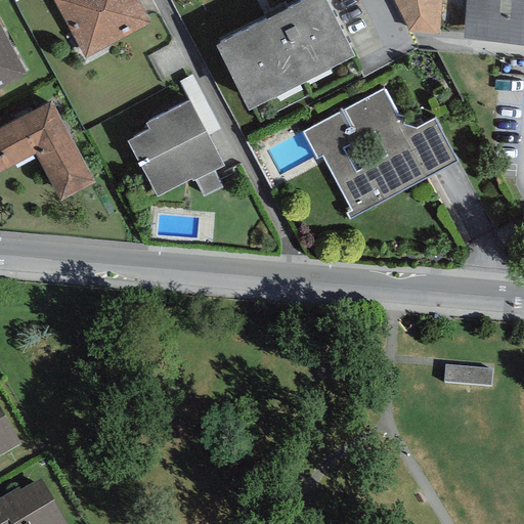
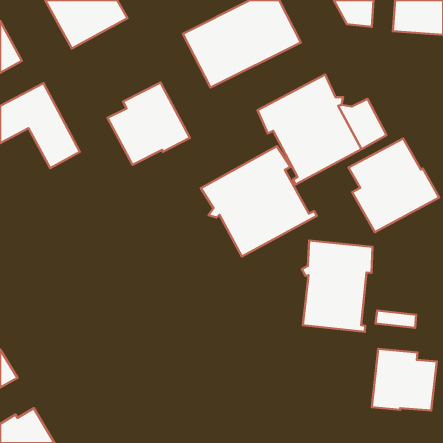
building: none -> [349,138,439,232]
building: none -> [201,146,317,256]
building: none -> [302,241,373,332]
building: none -> [372,349,437,411]

